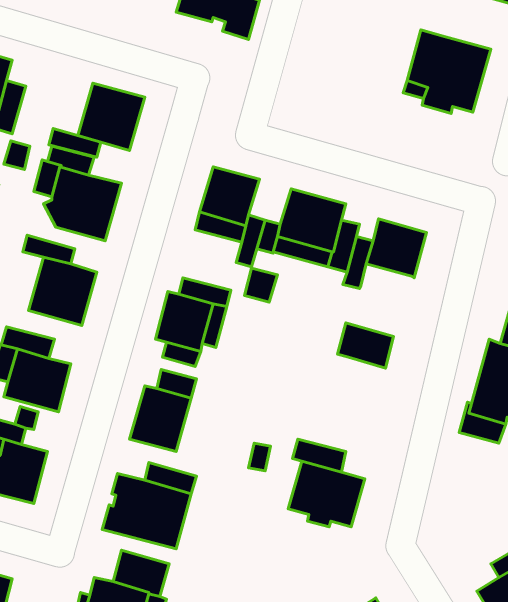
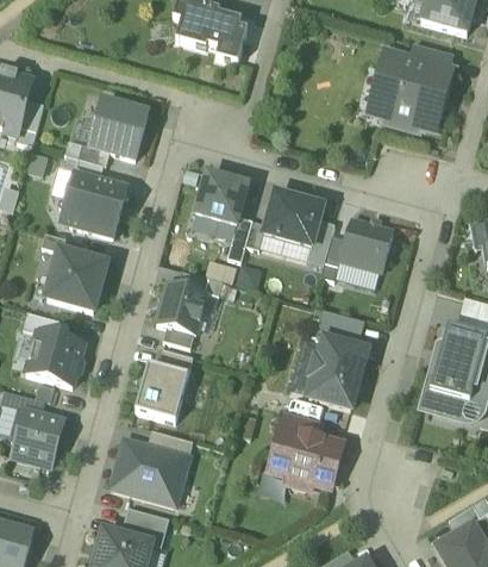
building: none -> [408,42,452,71]
building: none -> [334,258,378,288]
building: none -> [305,339,365,410]

